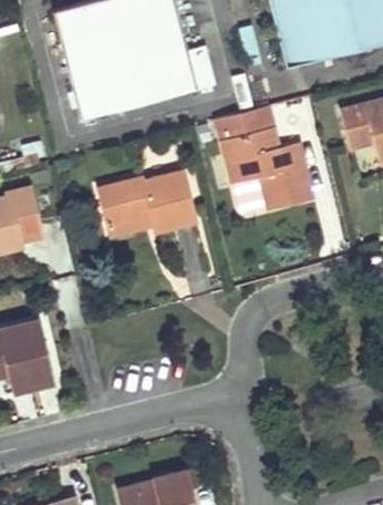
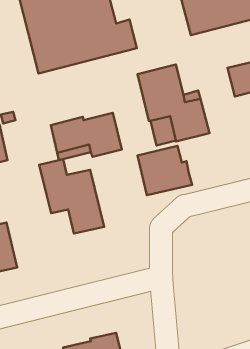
building: none -> [137,146,192,195]
building: none -> [39,159,104,233]

